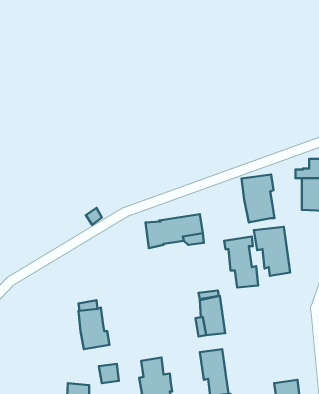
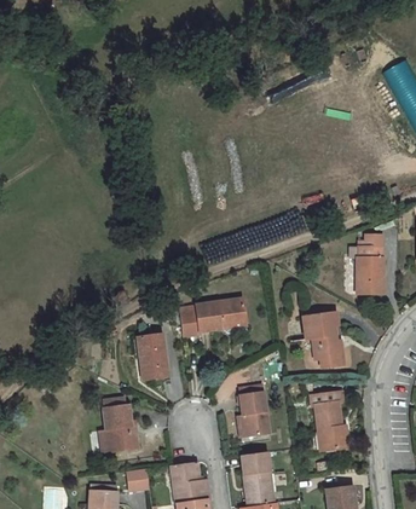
building: [241,174,275,222] -> none
building: [224,236,258,287] -> [310,392,348,450]
building: none -> [139,335,167,380]

